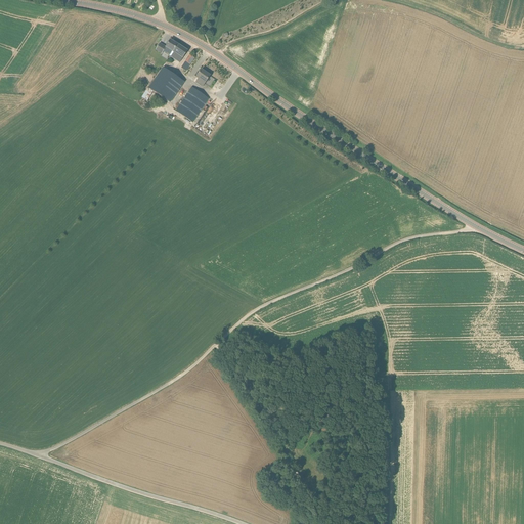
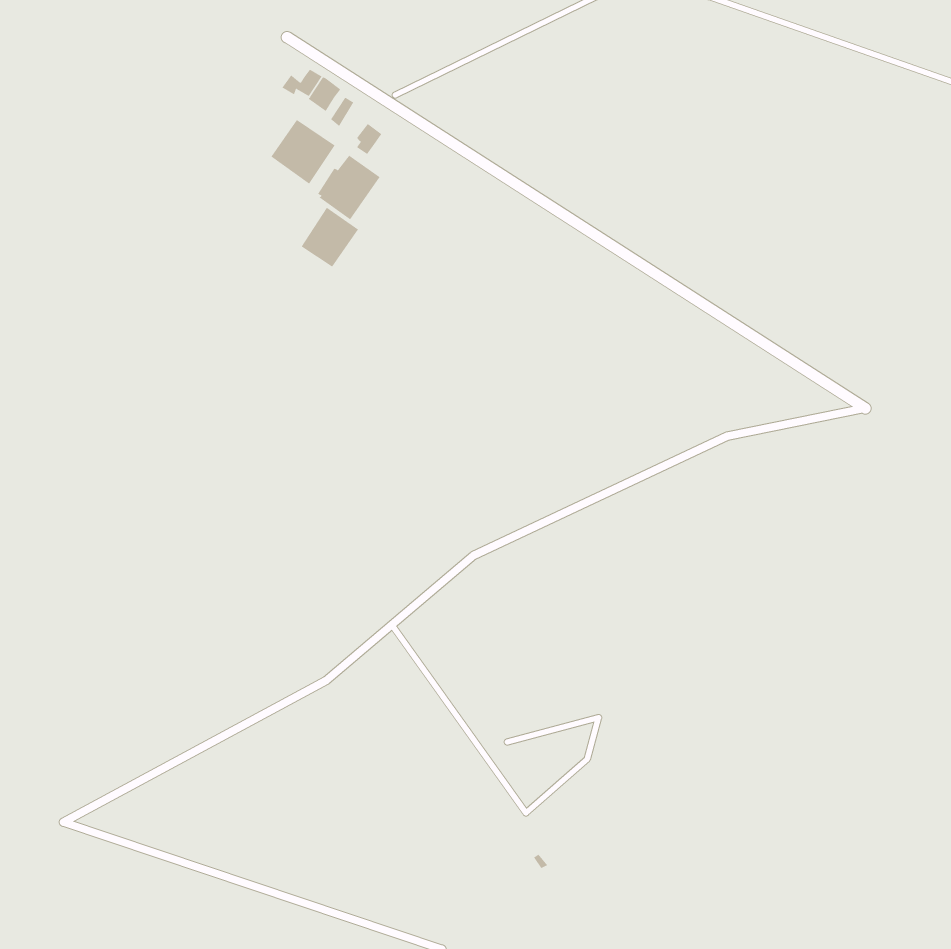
building: none -> [301,207,359,267]

